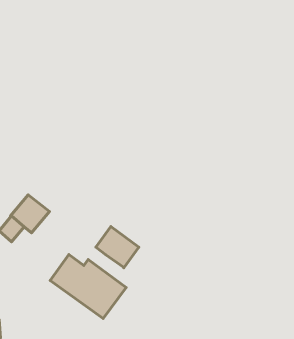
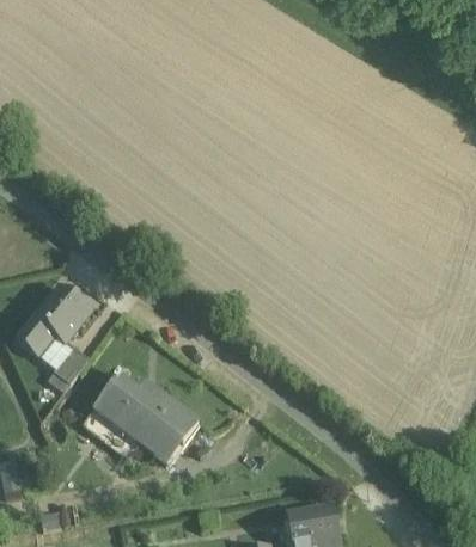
building: [96,226,139,268] -> none
building: none -> [36,331,87,381]

